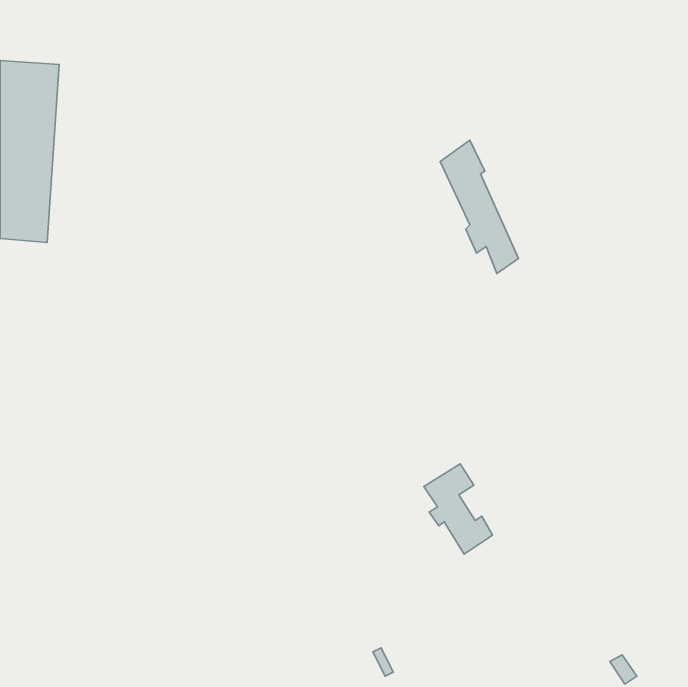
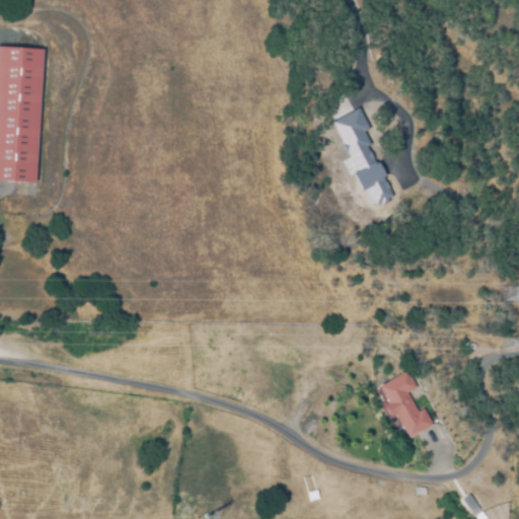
building: [424,464,493,554] -> [380,369,432,437]

